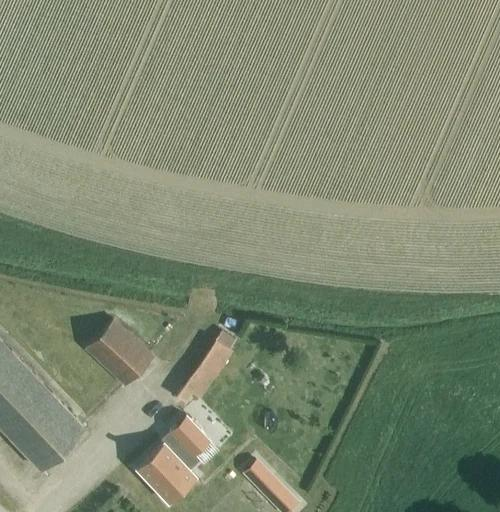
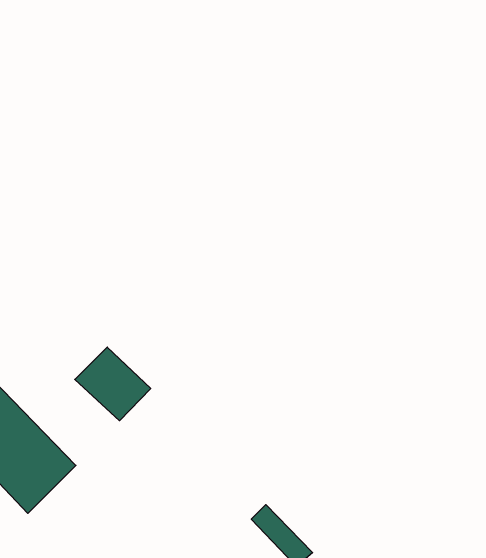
building: [175,340,232,410] -> none
building: [136,419,208,500] -> none

